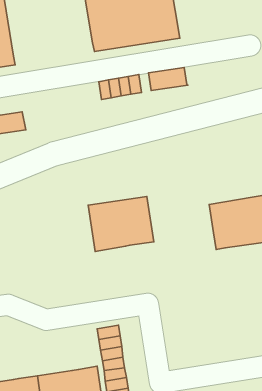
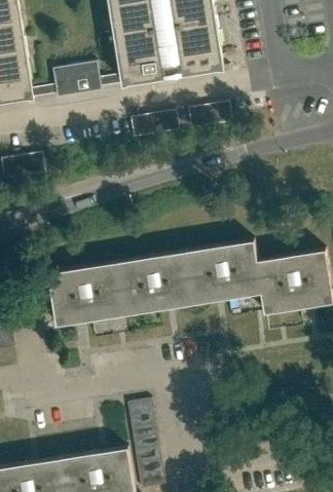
building: none -> [30,62,123,100]
building: none -> [184,241,261,304]
building: none -> [46,262,124,326]

